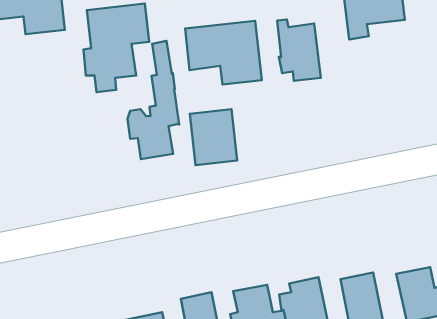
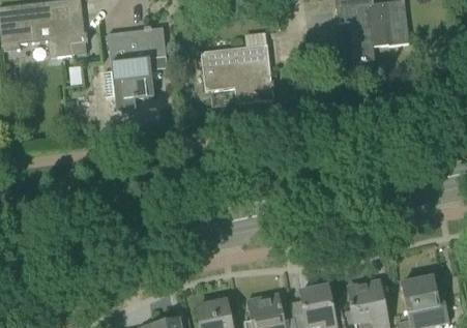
building: [277,19,321,81] -> none
building: [127,41,179,159] -> none
building: [190,109,237,165] -> none

